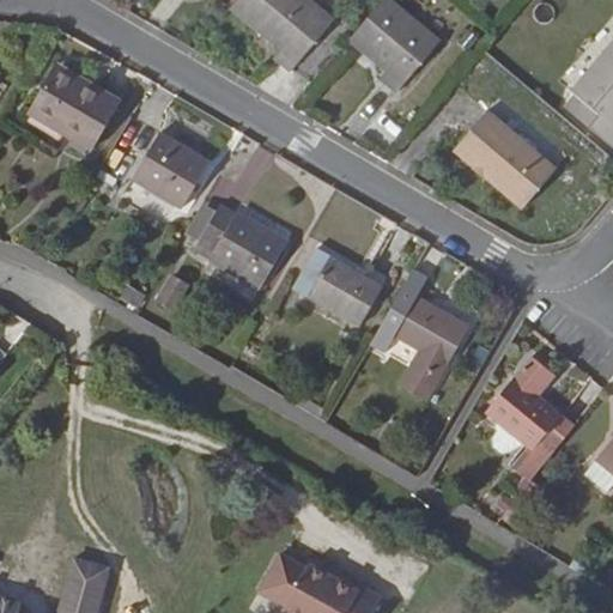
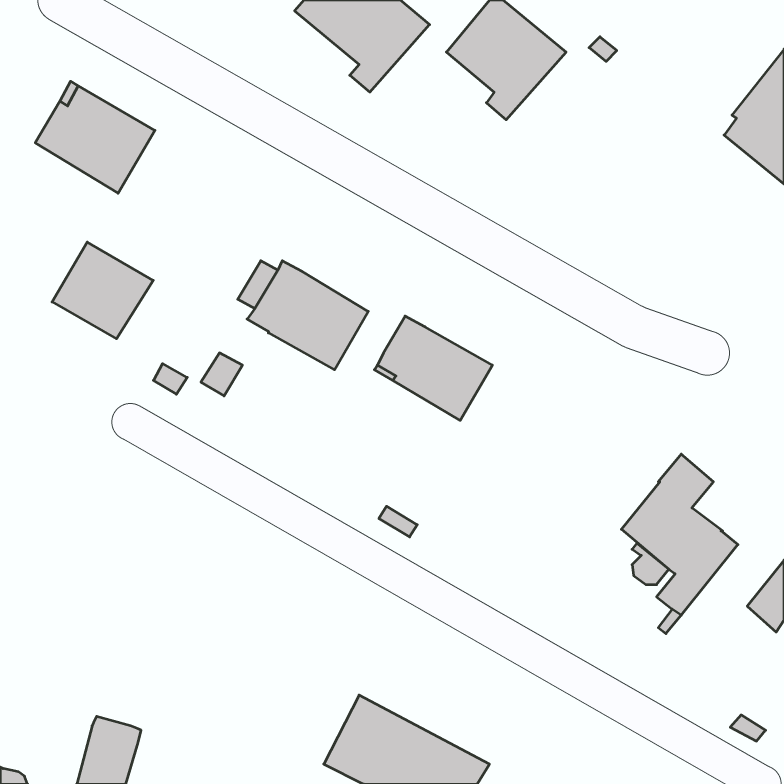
building: [455,110,557,208] -> none
building: [132,132,211,207] -> [52,242,153,339]
building: [370,268,472,401] -> none

